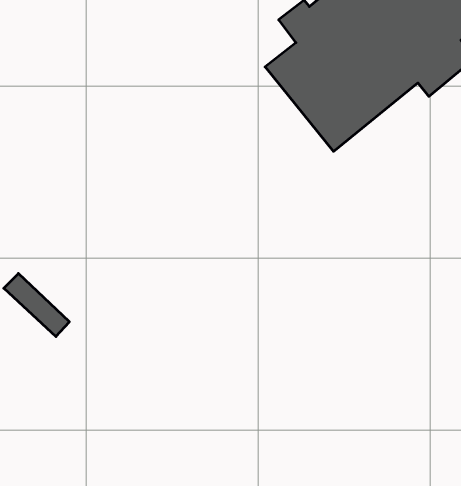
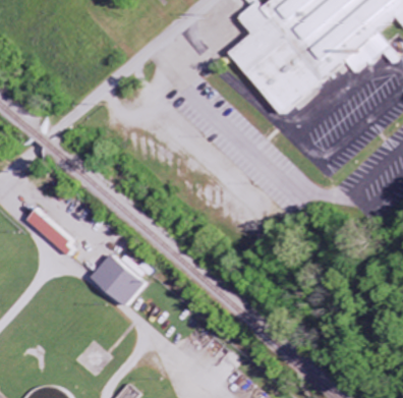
building: none -> [92,254,146,305]

